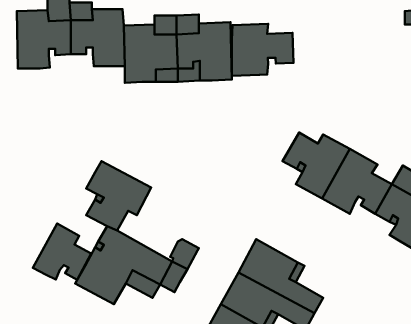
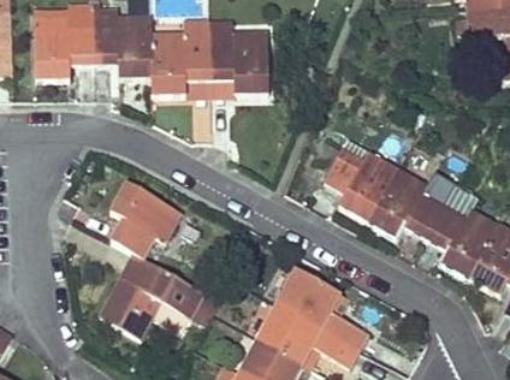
building: [232,24,294,76] -> none
building: [33,224,91,280] -> none

